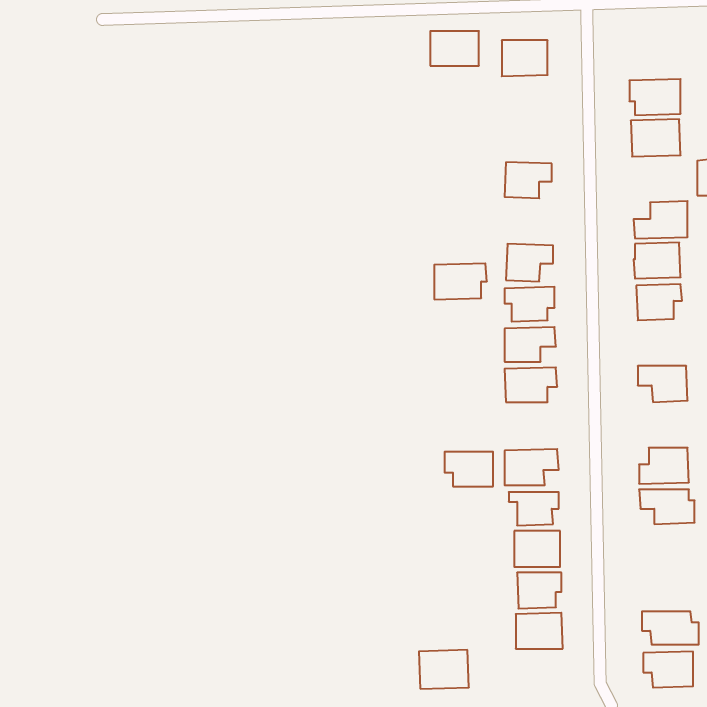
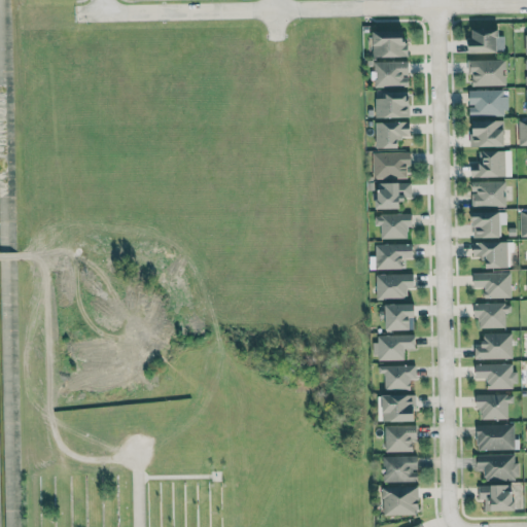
building: [430,31,479,66] -> [374,62,410,87]
building: none -> [468,29,498,52]
building: none -> [376,92,411,118]
building: none -> [471,120,505,147]
building: [434,263,487,299] -> [374,152,413,179]
building: none -> [475,242,507,268]
building: none -> [476,303,512,329]
building: [445,452,493,486] -> [380,305,416,330]
building: none -> [477,395,514,420]
building: none -> [477,424,515,451]
building: [419,650,469,689] -> [383,487,420,516]

